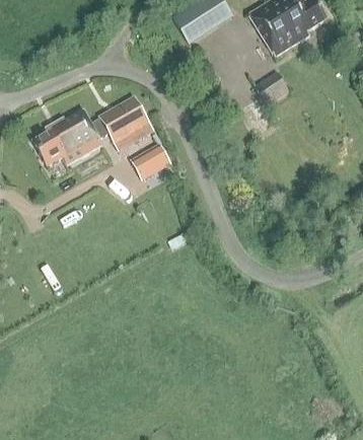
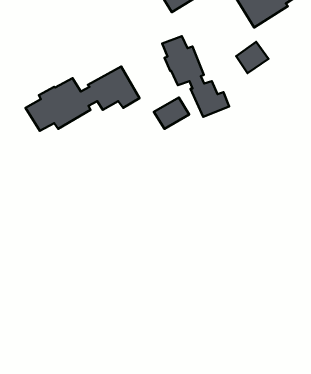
building: none -> [162,36,229,117]
building: [132,145,169,178] -> [154,97,189,129]

